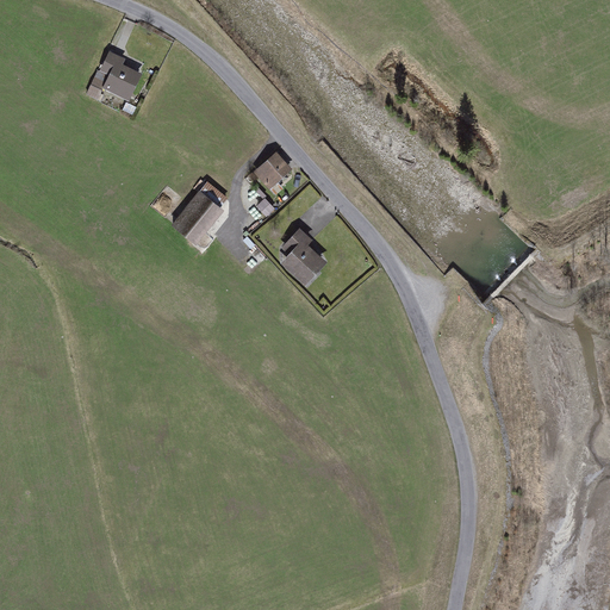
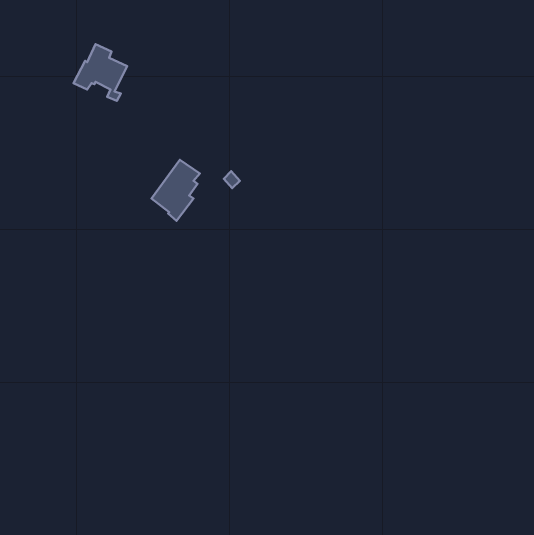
building: [254,154,292,192] -> none
building: [281,228,328,286] -> none

